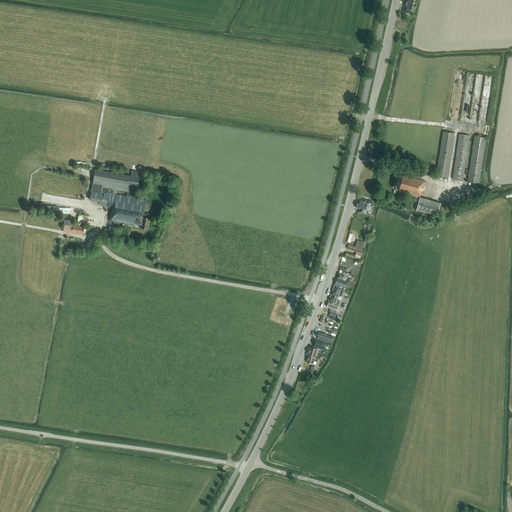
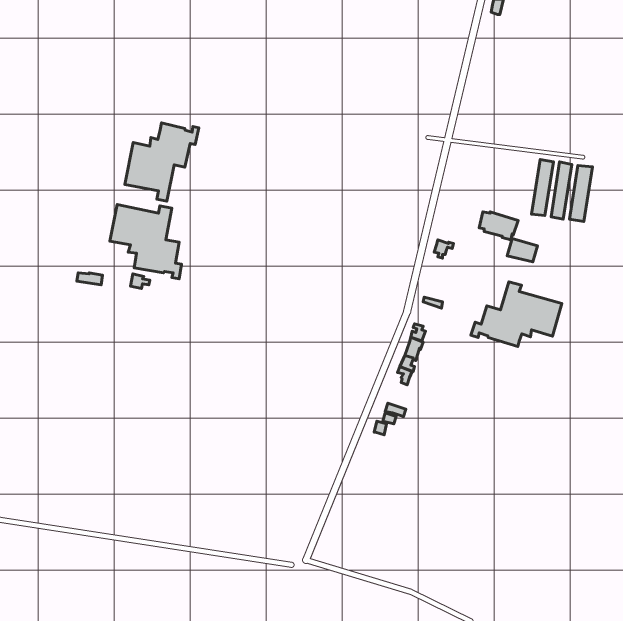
building: none -> [125,123,199,201]
building: none -> [471,282,562,347]

